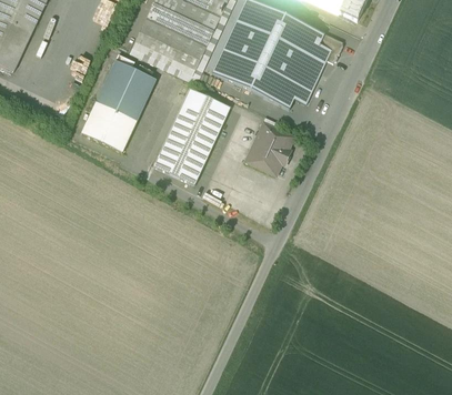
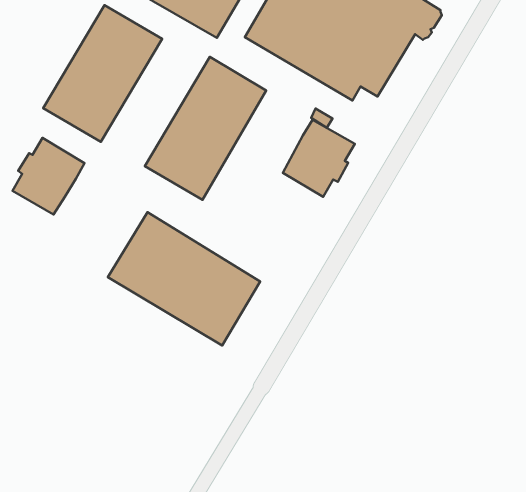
building: none -> [12,138,84,215]
building: none -> [108,212,260,346]

